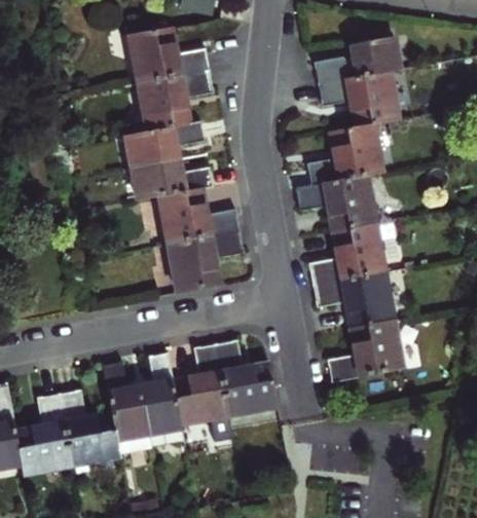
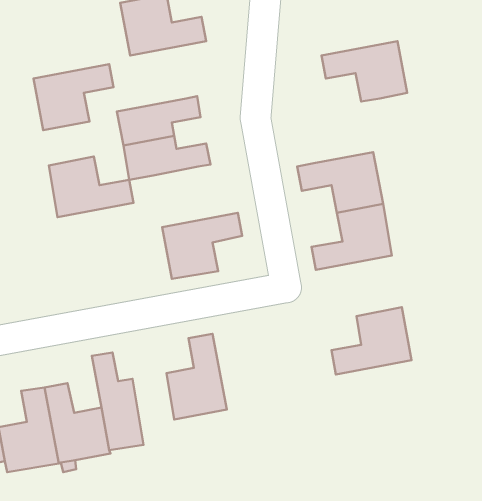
building: [314,37,399,84] -> none
building: [139,71,214,133] -> [33,64,114,130]
building: [306,124,381,185] -> none
building: [160,188,240,245] -> [49,157,133,217]
building: [313,271,393,328] -> none
building: [216,340,278,415] -> none
building: [141,353,184,448] -> none

